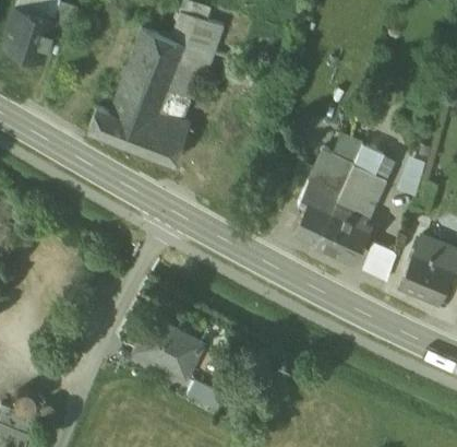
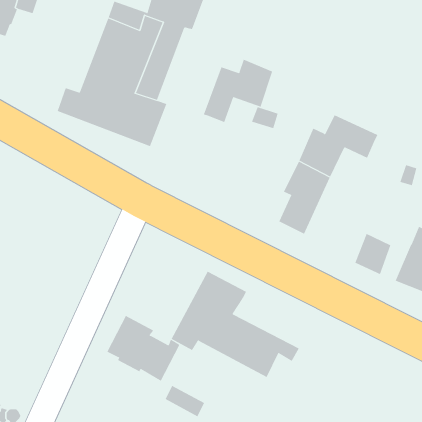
building: none -> [203,59,273,123]
building: [316,154,393,258] -> none
building: none -> [171,271,299,378]

